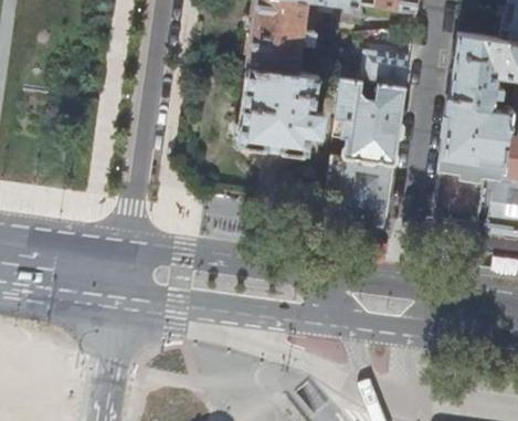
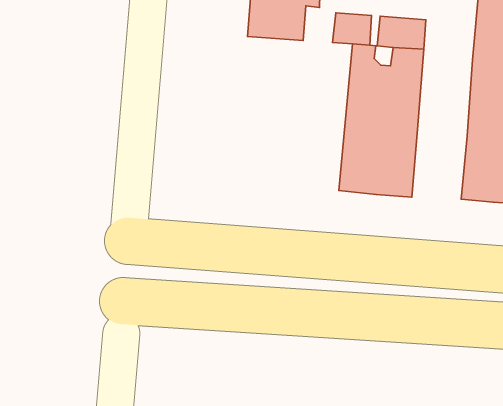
building: [237,65,323,152] -> none

